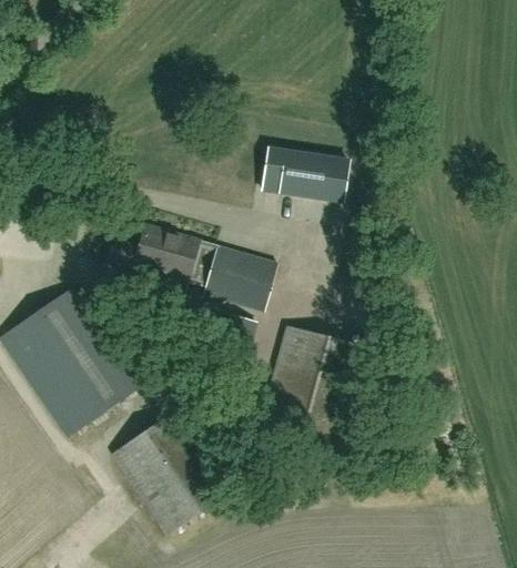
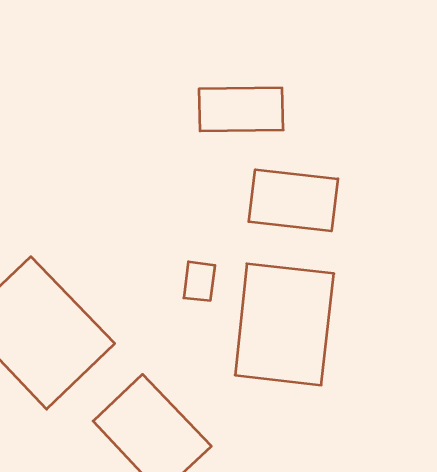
building: [107,225,276,311] -> none
building: none -> [249,170,338,231]

